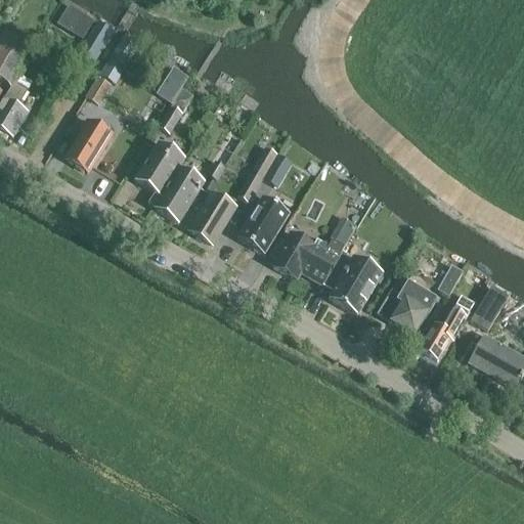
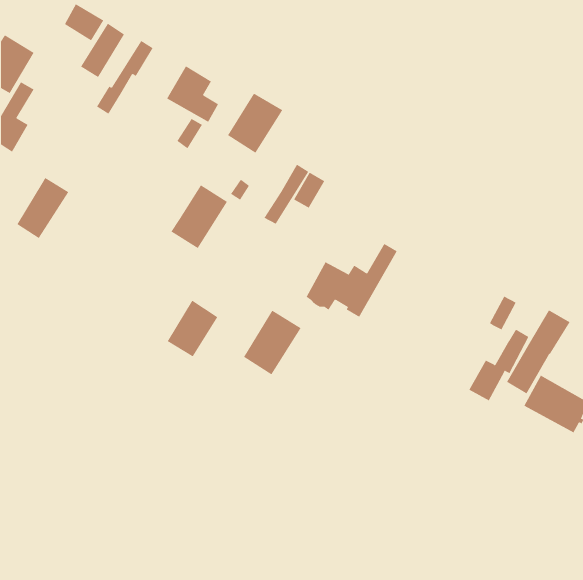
building: [68,116,115,171] -> [16,177,69,239]
building: [136,141,186,195] -> [227,93,283,154]
building: [190,191,236,243] -> [167,300,218,357]
building: [238,195,291,254] -> [243,310,302,375]
building: [323,252,383,314] -> none
building: [379,275,438,336] -> none

